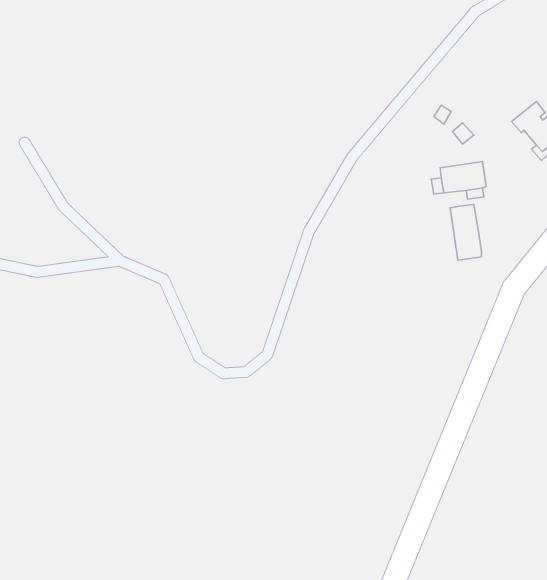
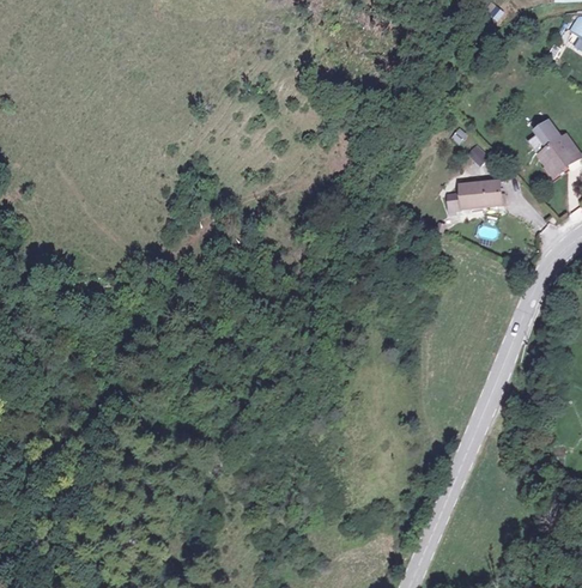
building: [450,205,481,260] -> none

